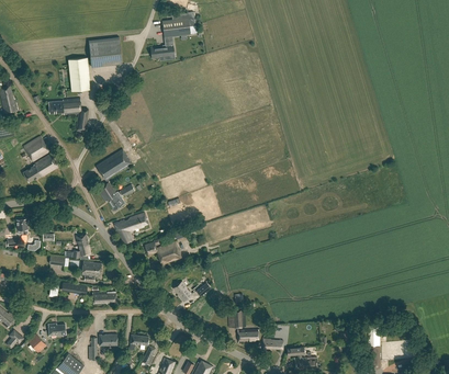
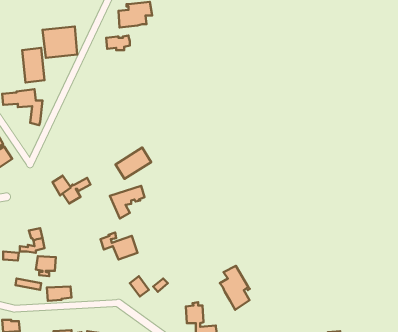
building: [97,149,132,180] -> [115,148,151,179]
building: [114,213,148,245] -> [110,186,145,218]
building: none -> [220,266,250,310]

